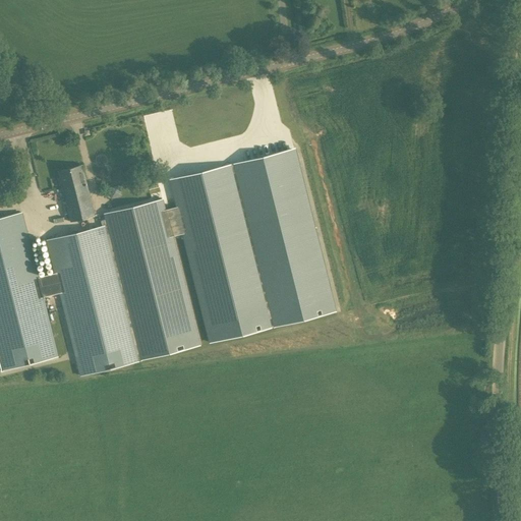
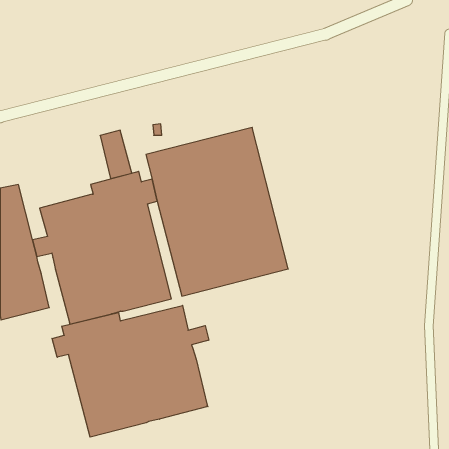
building: [58,166,95,222] -> [100,130,132,179]
building: none -> [52,305,209,437]

